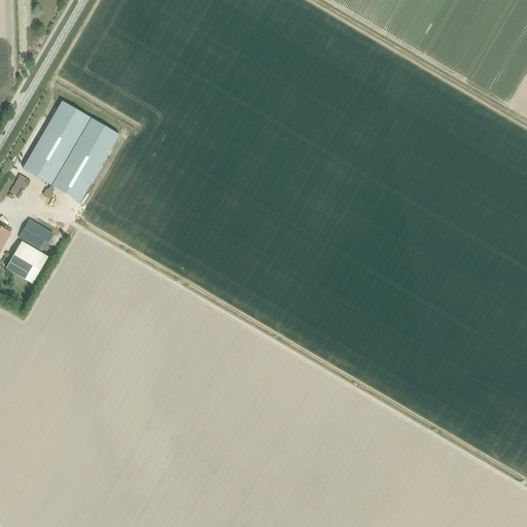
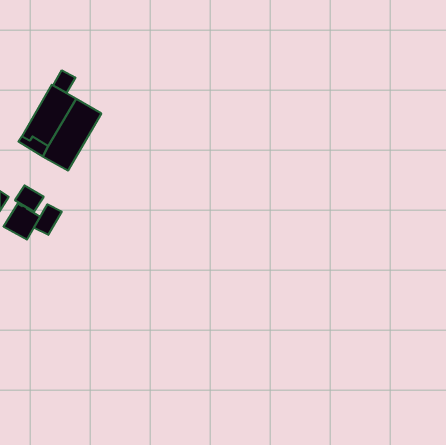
building: none -> [53,70,75,93]
building: none -> [34,204,62,235]

